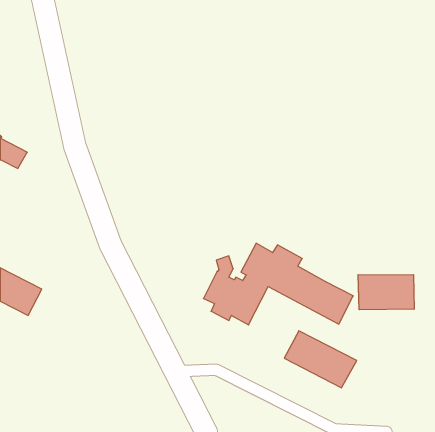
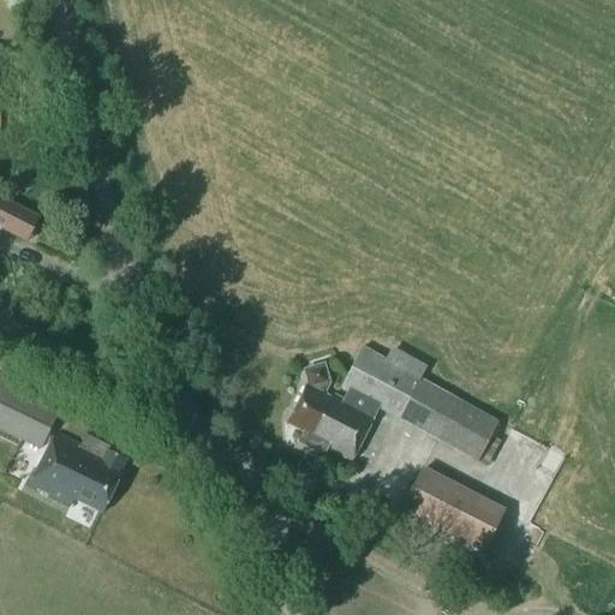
building: [358,275,414,310] -> none
building: none -> [29,430,126,510]

